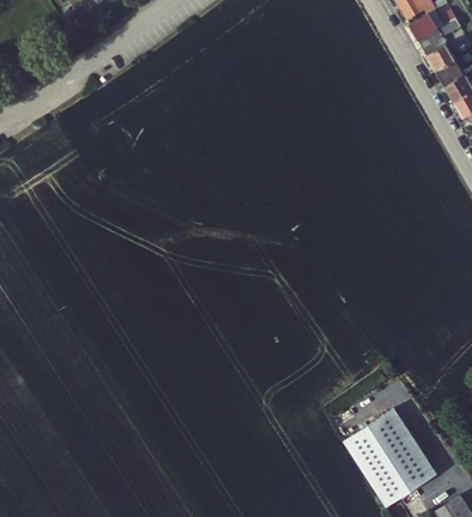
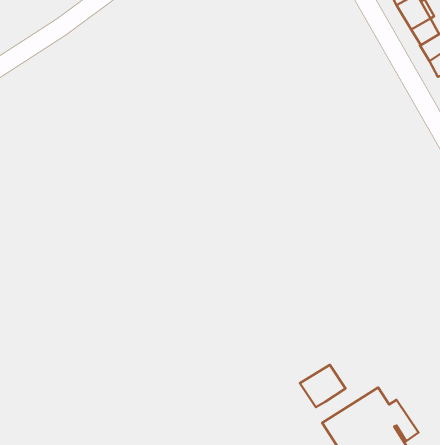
building: none -> [300,365,345,407]

